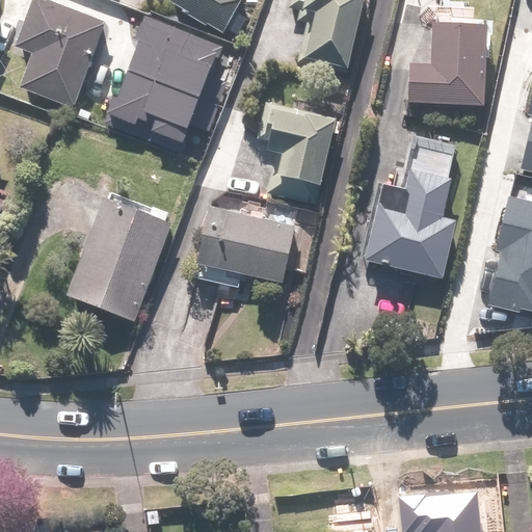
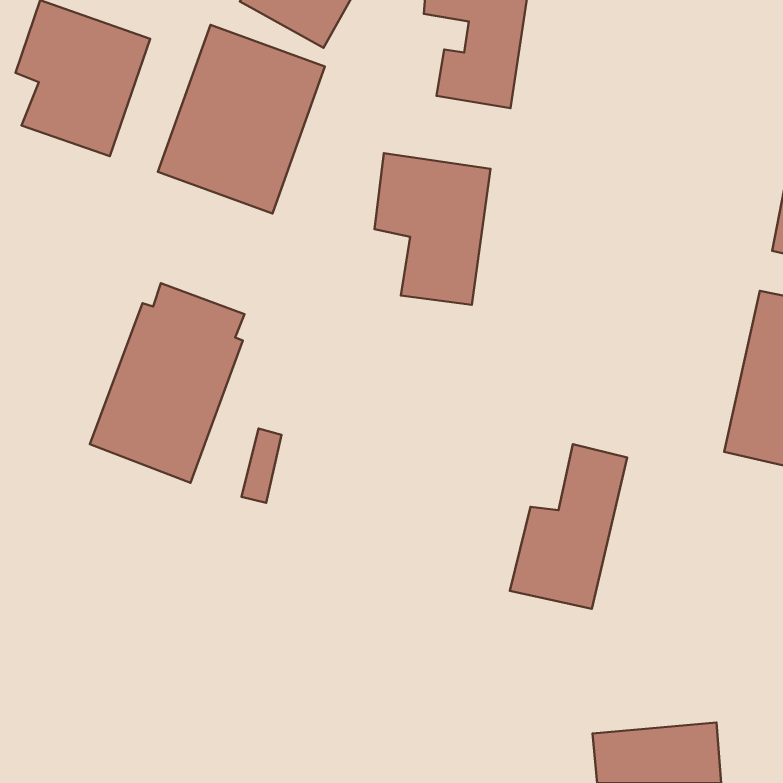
building: [404,4,486,109] -> none
building: [361,134,456,282] -> none
building: [196,209,294,282] -> none
building: none -> [510,444,627,609]

